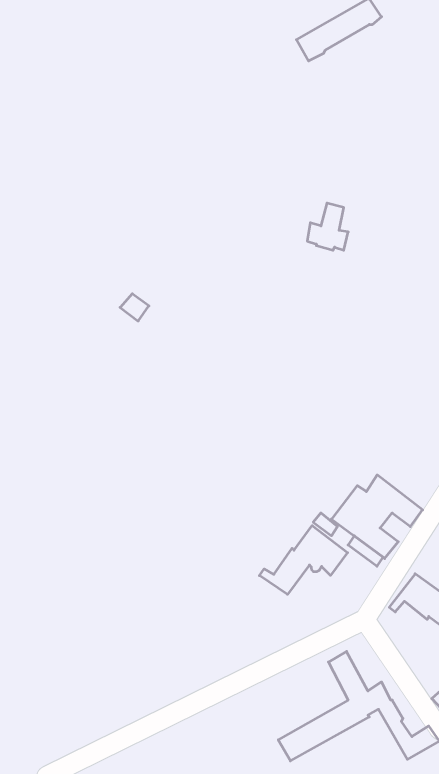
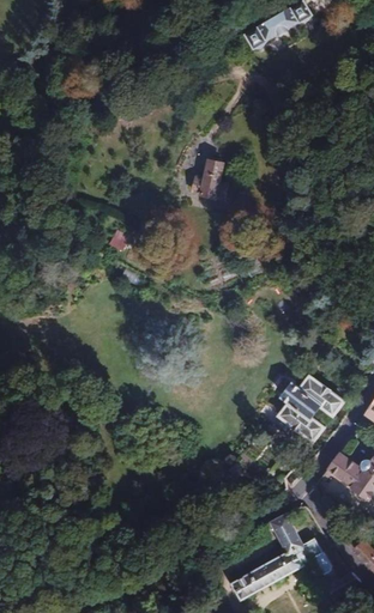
building: [307,203,348,250] -> [194,159,227,196]
building: [259,526,348,594] -> none

